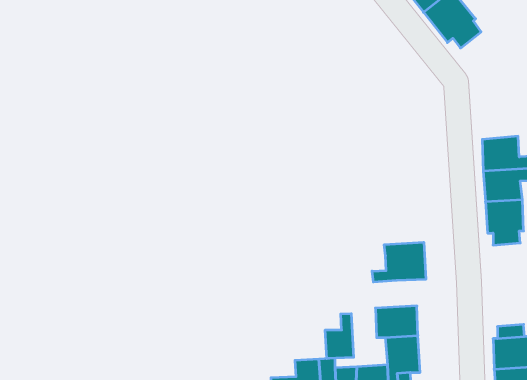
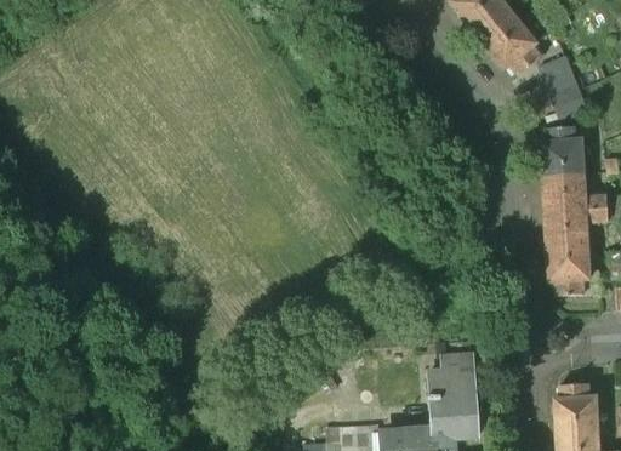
building: none -> [540,55,588,120]
building: none -> [541,126,583,176]
building: [372,242,426,282] -> none
building: [325,314,354,359] -> none

